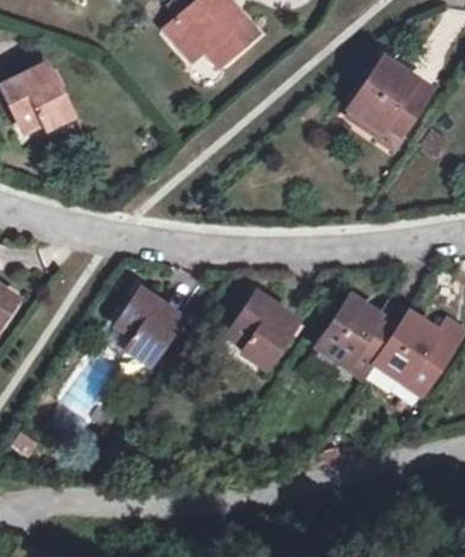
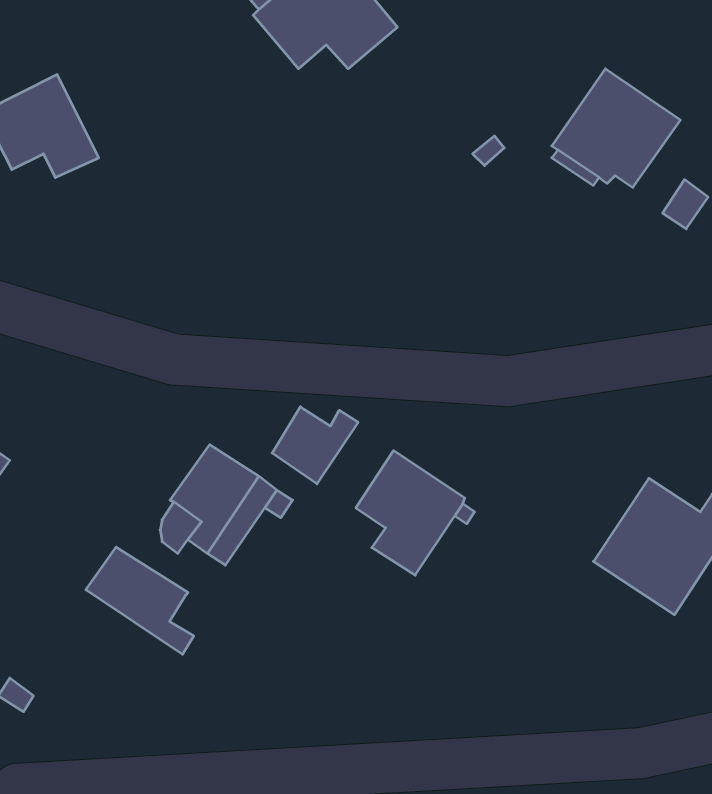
building: none -> [272,407,358,484]
building: [318,300,409,377] -> none
building: none -> [86,547,194,654]

